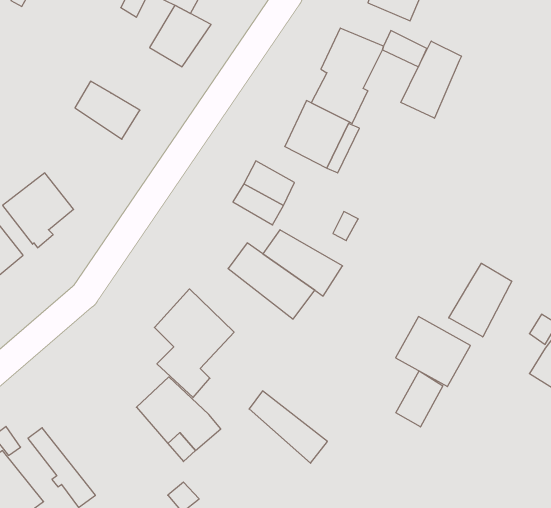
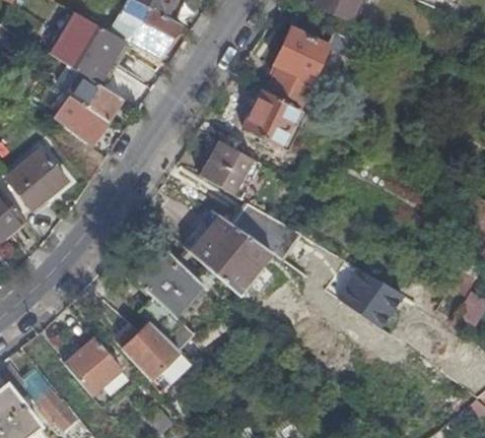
building: none -> [51,13,121,83]
building: [401,41,461,118] -> none
building: none -> [56,98,110,146]
building: [449,263,512,337] -> none
building: [396,371,443,427] -> none
building: [249,391,327,463] -> [186,231,252,292]
building: none -> [64,337,122,393]

